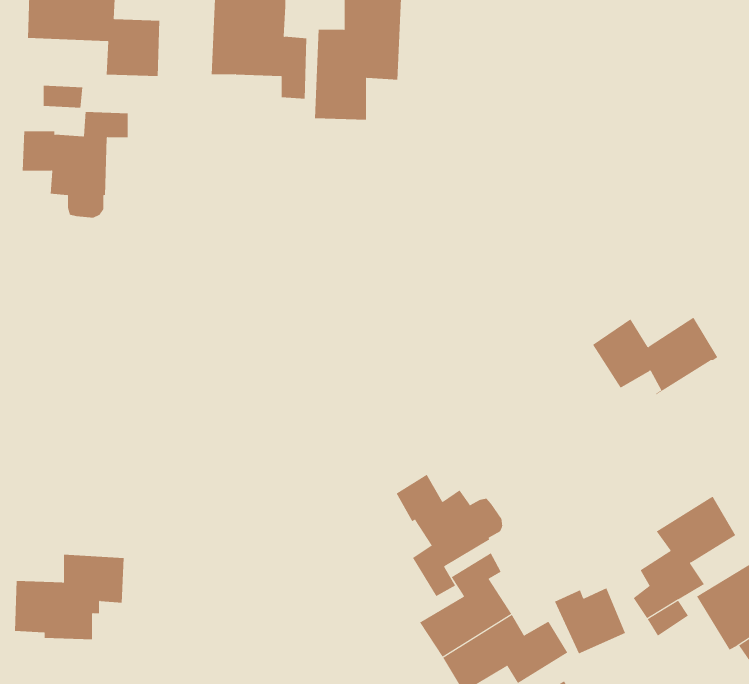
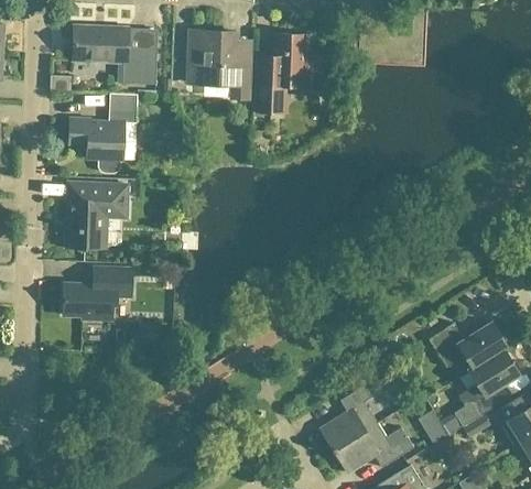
building: none -> [65,181,128,249]
building: [592,317,718,396] -> [429,320,508,370]
building: [396,474,503,597] -> none
building: [14,554,124,640] -> [63,265,132,319]

